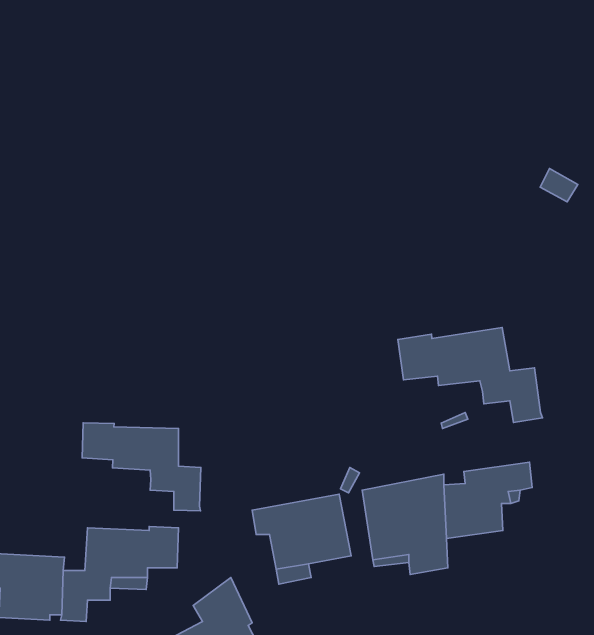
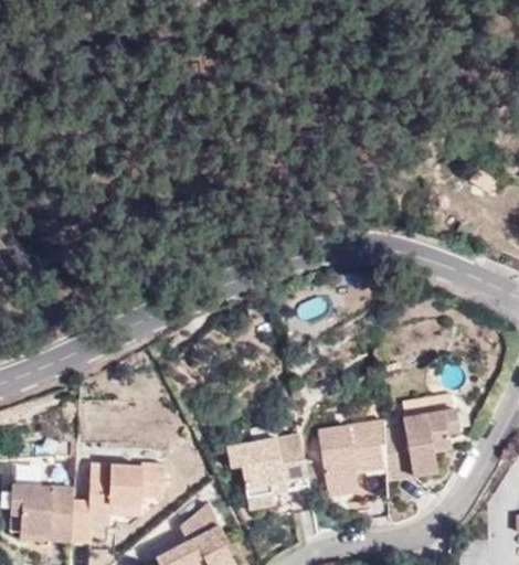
building: [398,328,543,422] -> none
building: [82,423,201,511] -> none

